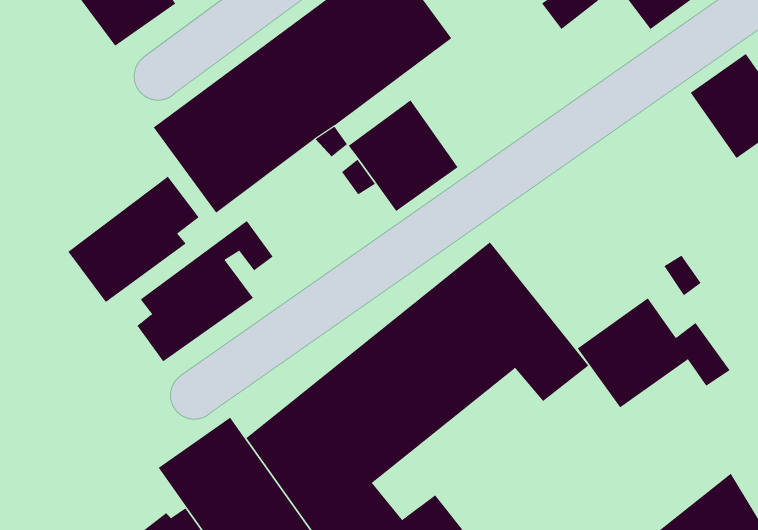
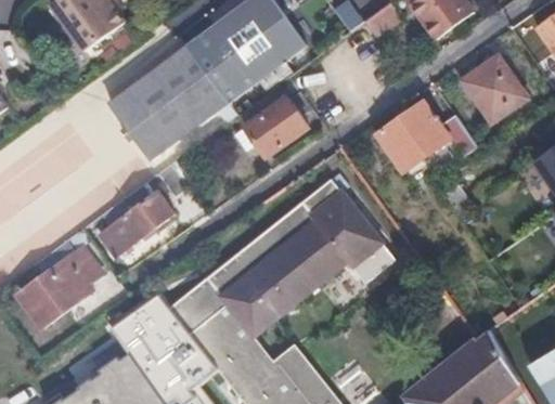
building: [67,176,200,303] -> [15,245,102,328]
building: [577,297,731,408] -> [375,100,476,172]

